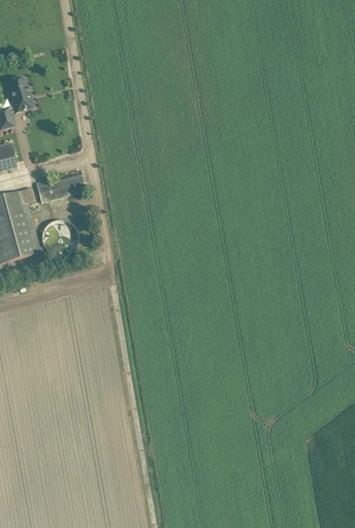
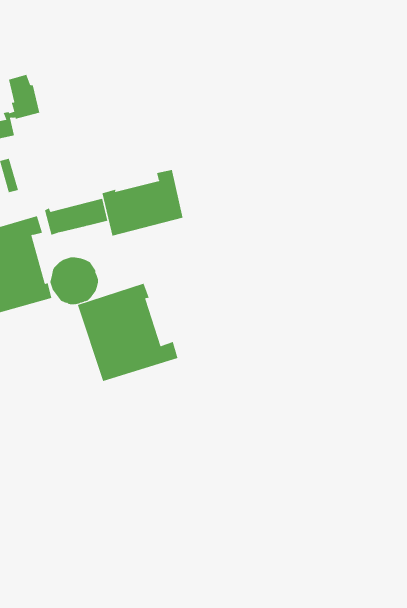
building: none -> [102,169,183,236]
building: none -> [77,283,178,382]

